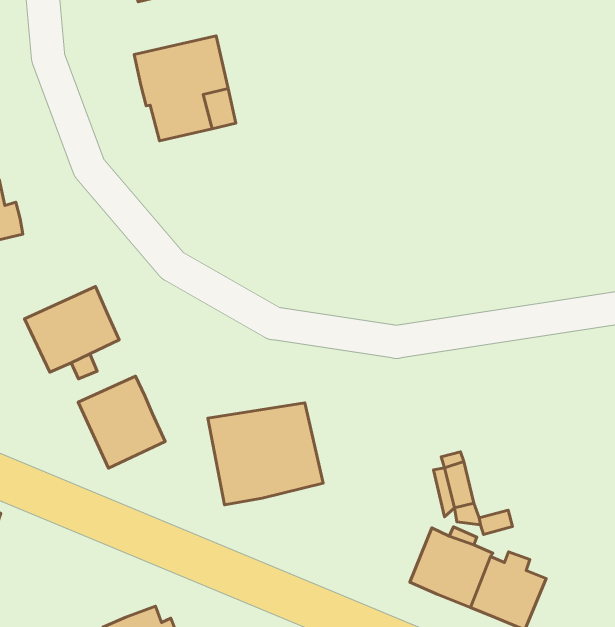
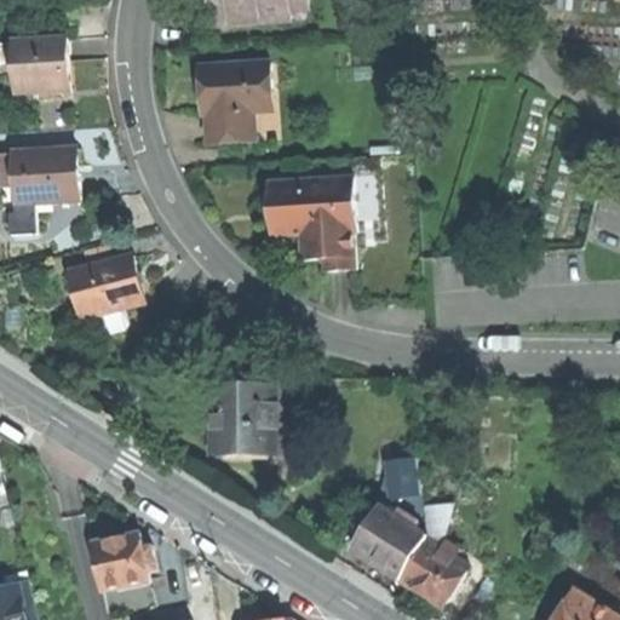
building: none -> [263,177,351,269]
building: [78,376,165,468] -> none

